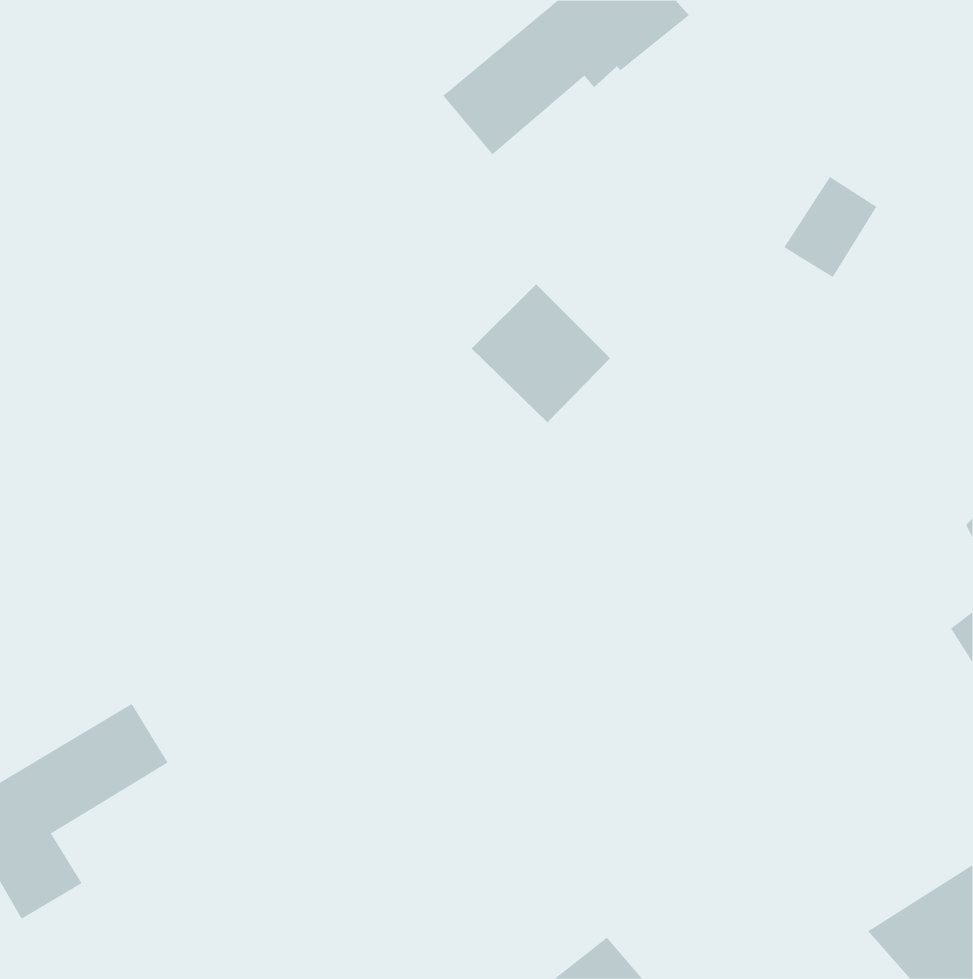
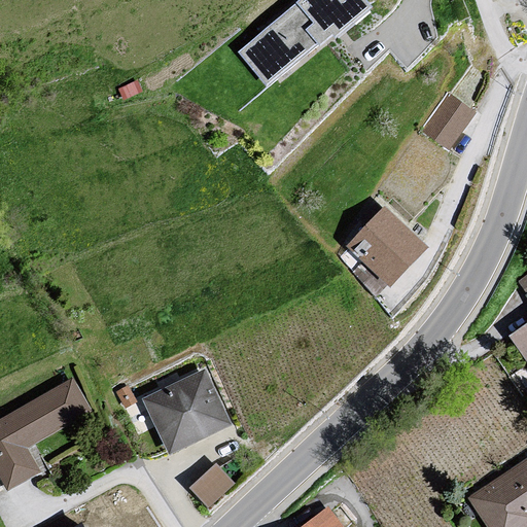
building: [471,283,611,423] -> [347,211,422,286]
building: none -> [145,371,235,458]
building: none -> [186,458,233,504]

